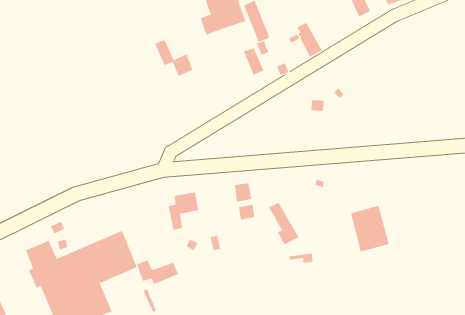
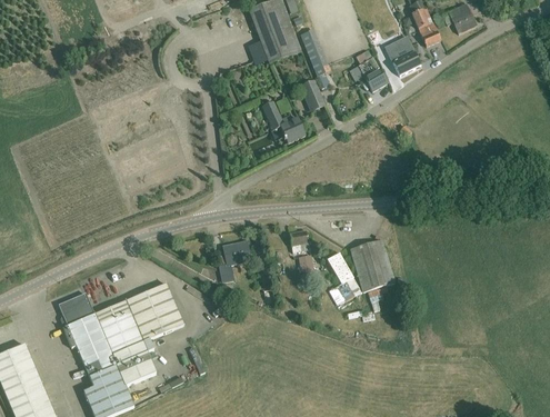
building: none -> [386,37,421,75]
building: [154,40,193,77] -> [262,102,306,143]
building: [350,205,389,252] -> [351,238,394,290]
building: [136,260,179,285] -> none

